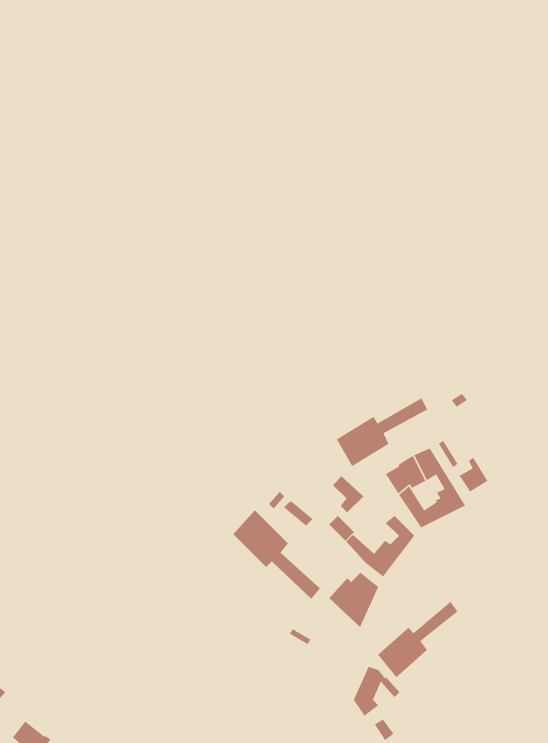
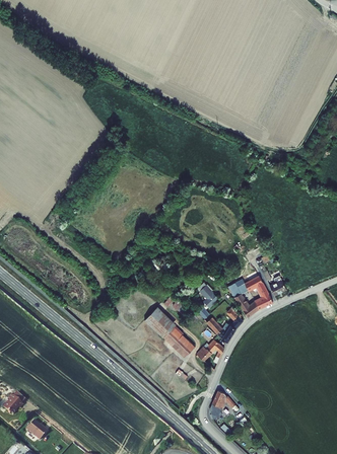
building: [336,397,428,467] -> none
building: [377,601,458,678] -> none

